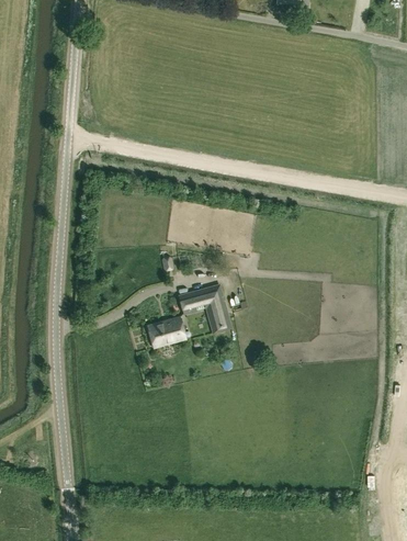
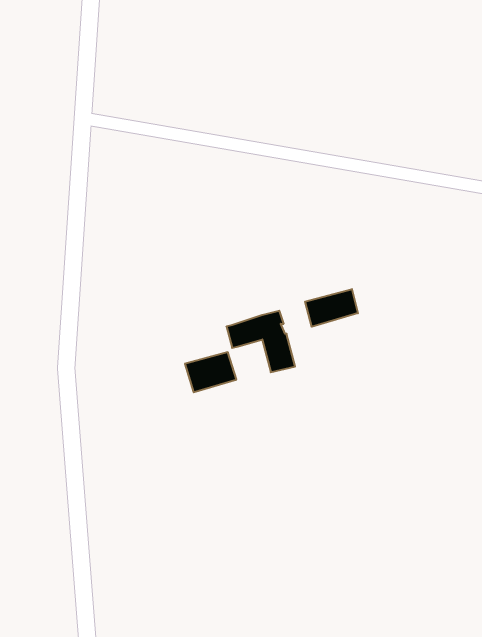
building: none -> [305,289,358,327]

